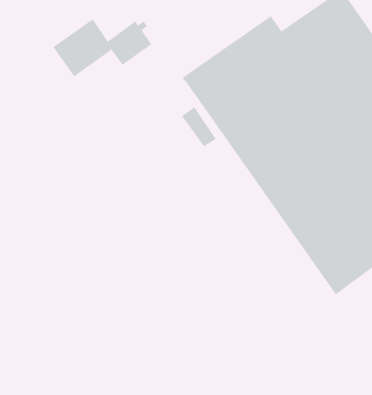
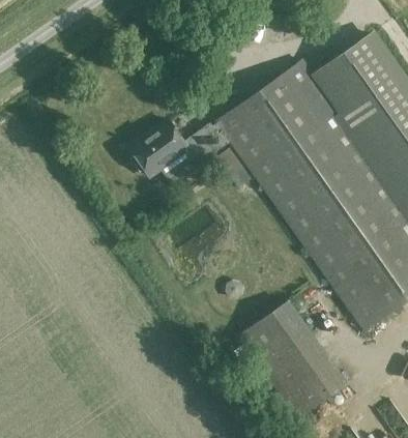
building: [52,18,152,77] -> [129,120,226,177]
building: none -> [239,301,346,417]

